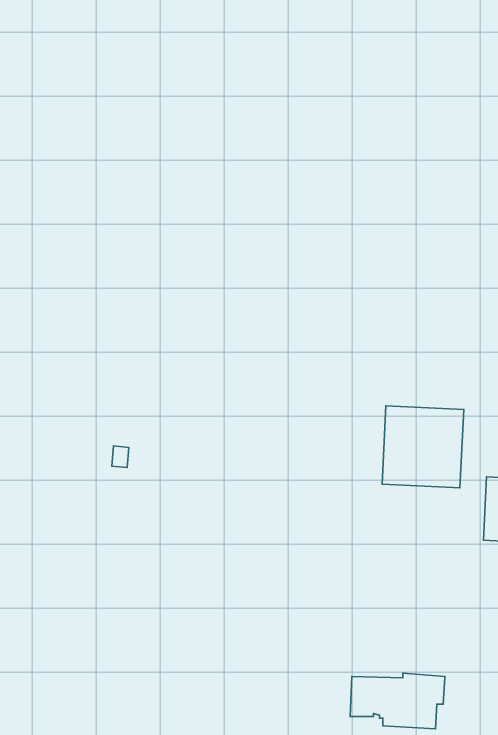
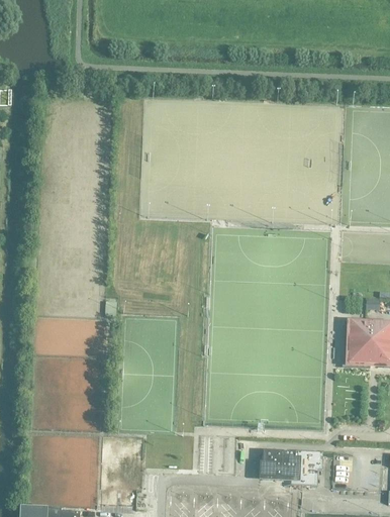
building: [382,406,464,488] -> none

